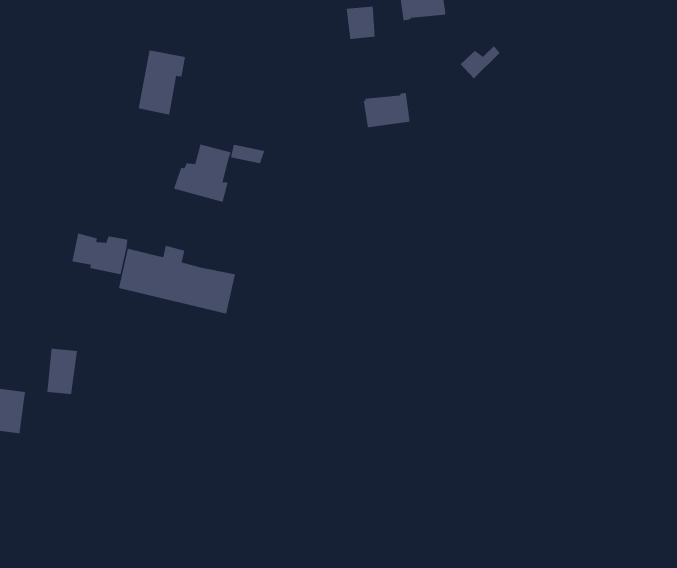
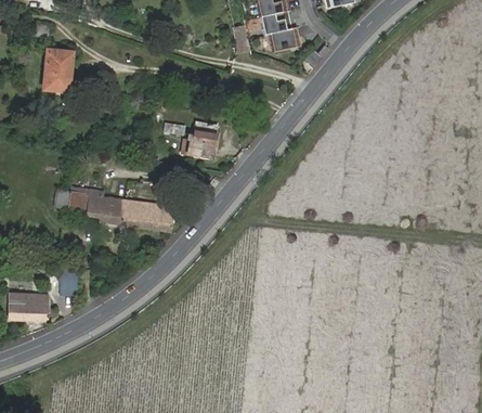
building: [138,50,186,115] -> [40,50,67,90]
building: [363,92,410,128] -> [268,26,299,51]
building: [173,144,232,202] -> [181,122,216,158]

